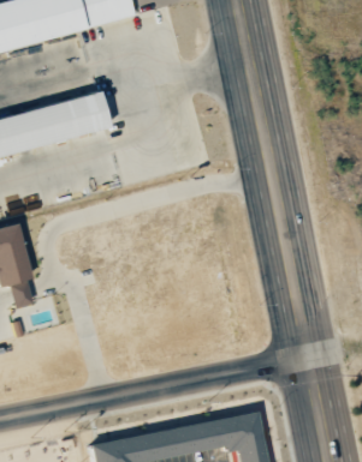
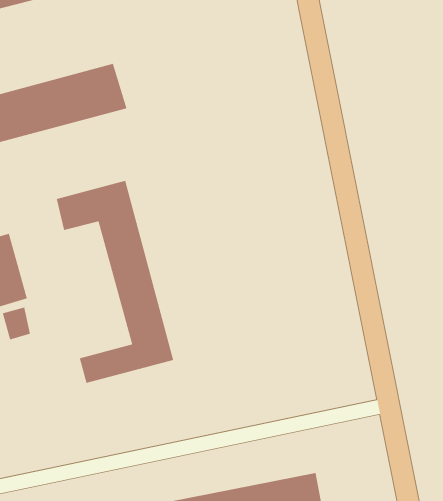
building: none -> [56,180,174,384]

